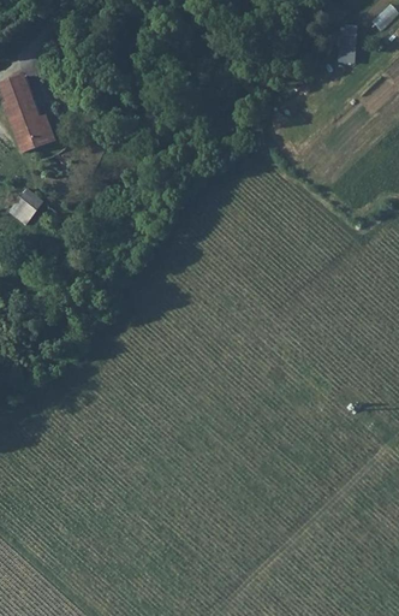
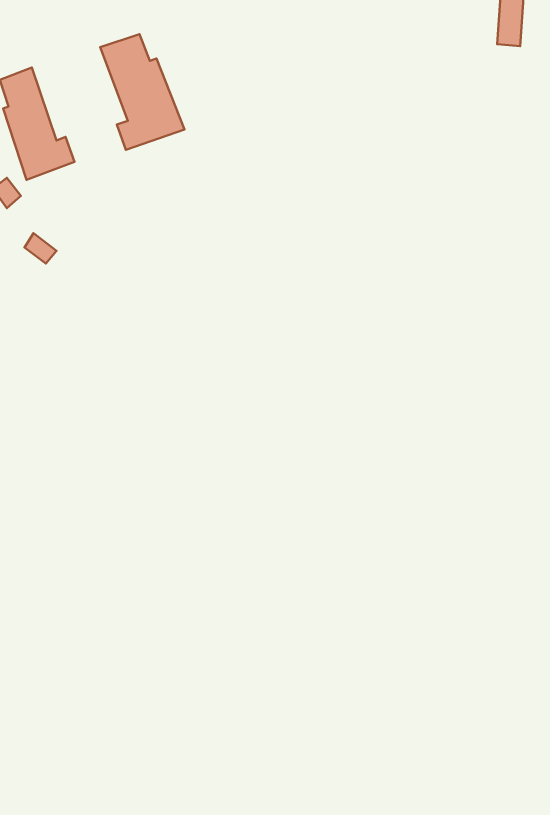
building: none -> [100,34,185,150]

